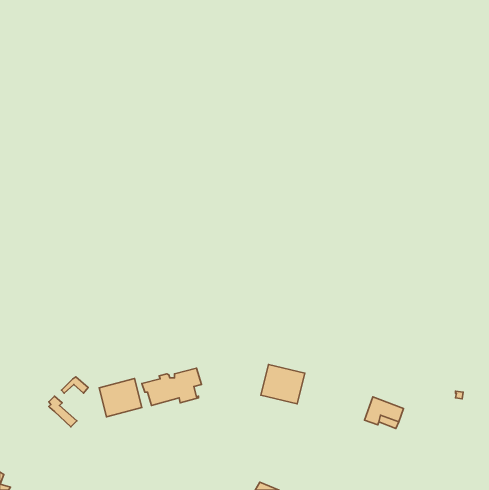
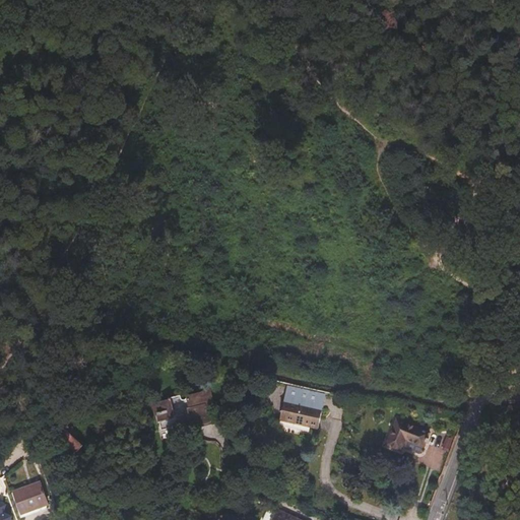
building: [99,379,142,417] -> none
building: none -> [13,482,46,514]

